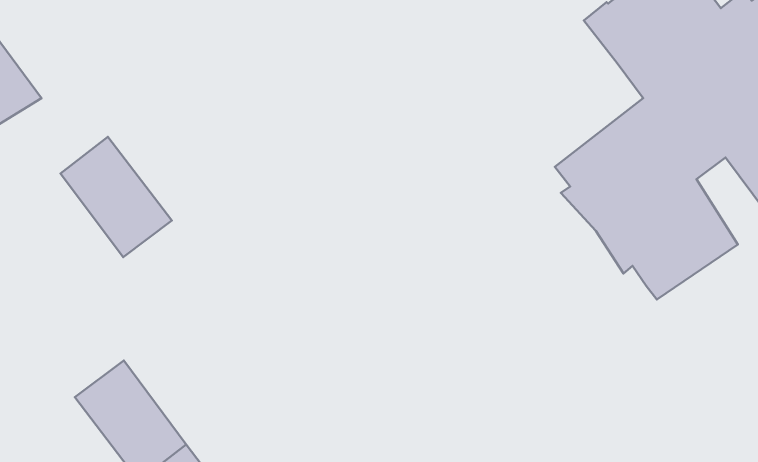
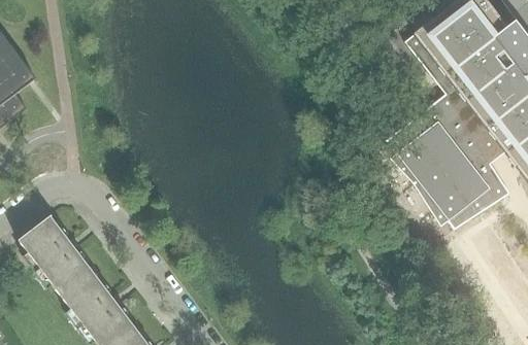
building: [61,137,172,257] -> [19,213,94,295]

